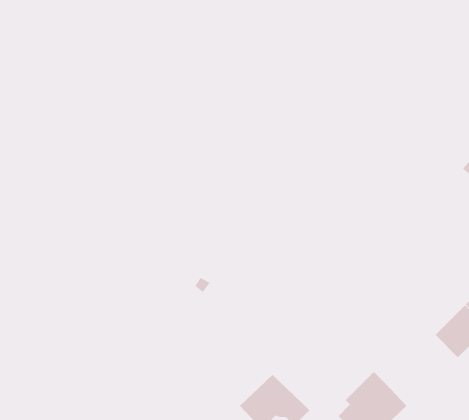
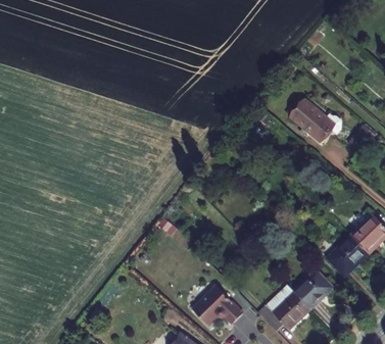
building: none -> [291,101,332,141]
building: none -> [295,273,332,309]

